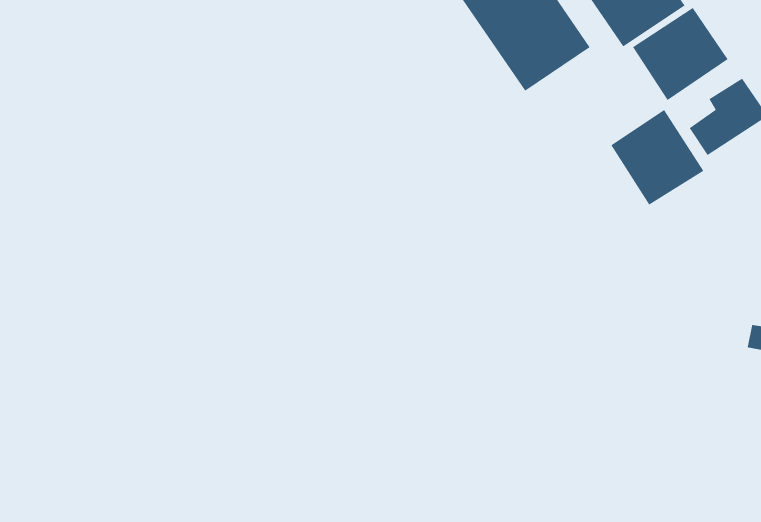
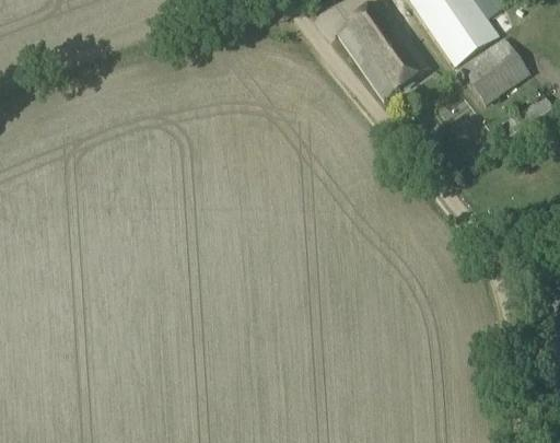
building: [610,109,704,206] -> none

